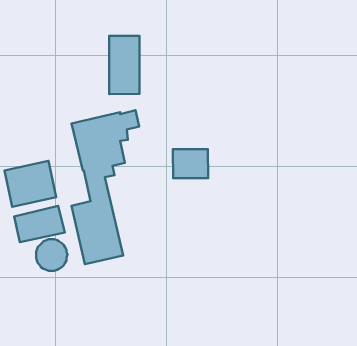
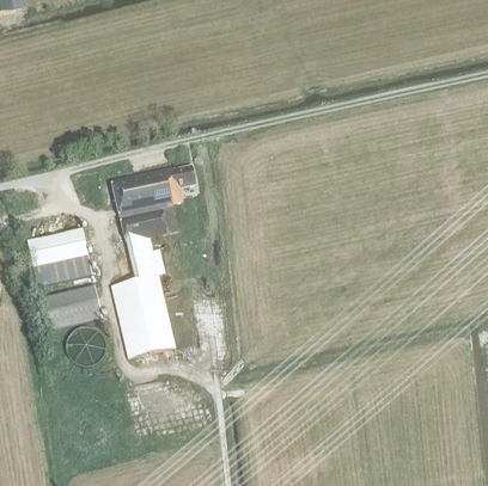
building: [109,36,140,94] -> none
building: [173,149,208,178] -> none

